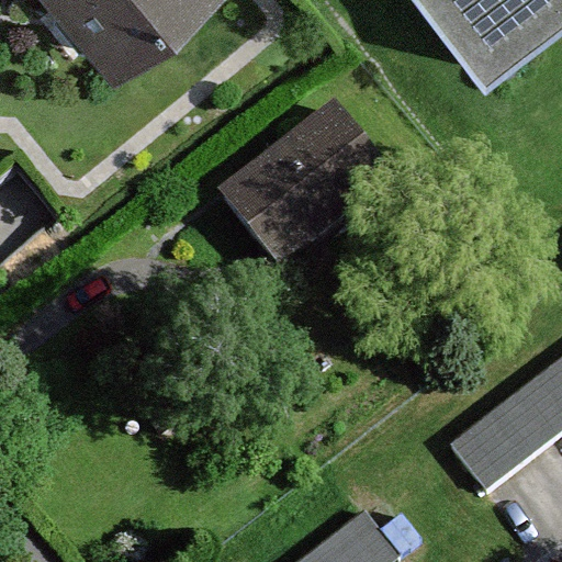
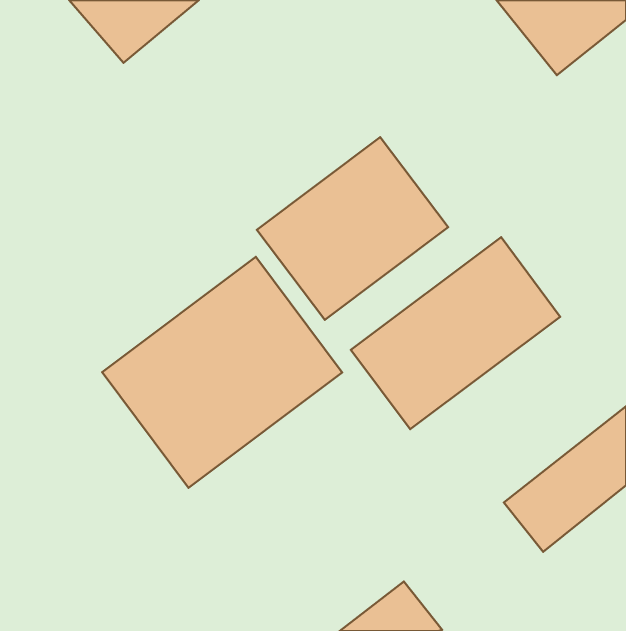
building: none -> [351,237,560,429]
building: none -> [102,257,342,488]

